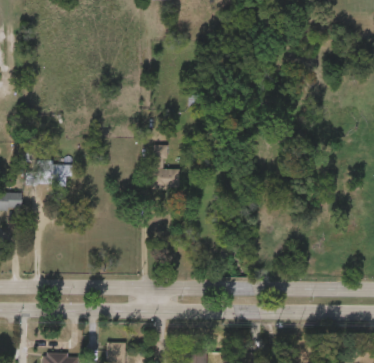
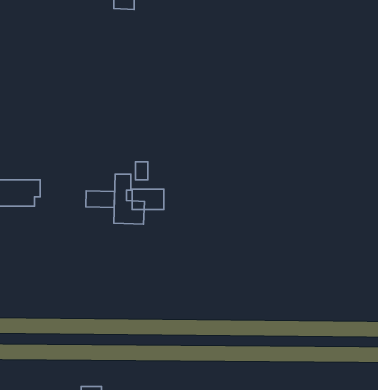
building: none -> [86,191,115,208]

